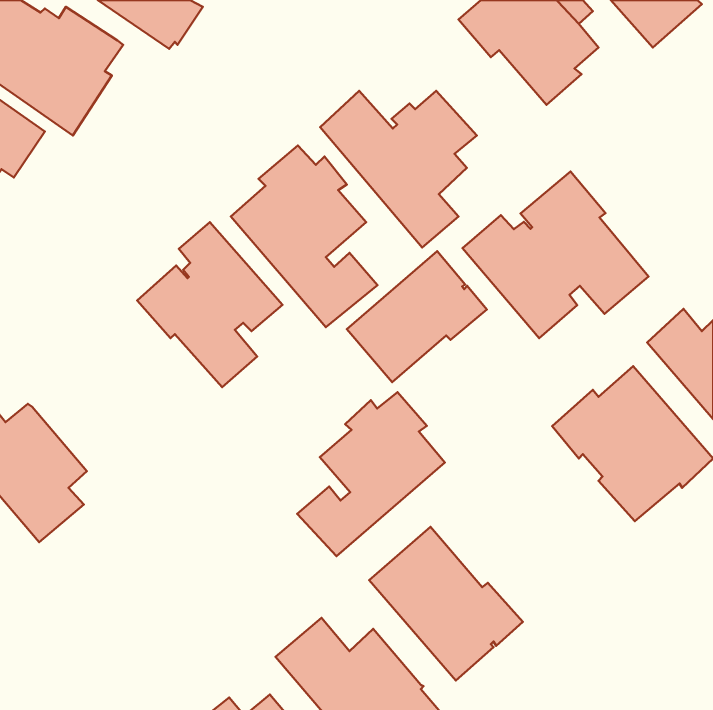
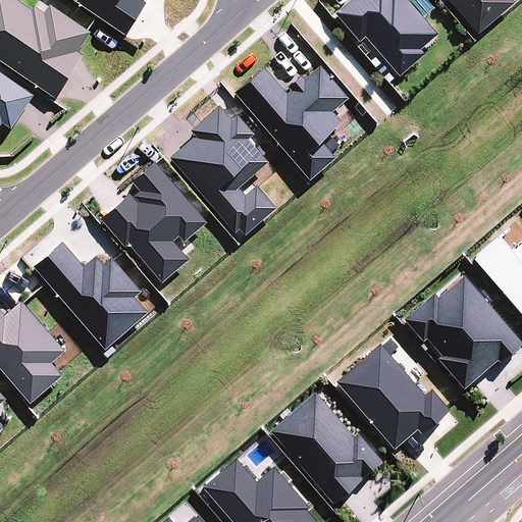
building: [463,172,649,338] -> none
building: [347,251,487,382] -> none
building: none -> [33,238,147,346]
building: [297,392,445,556] -> none
building: none -> [335,340,448,445]

